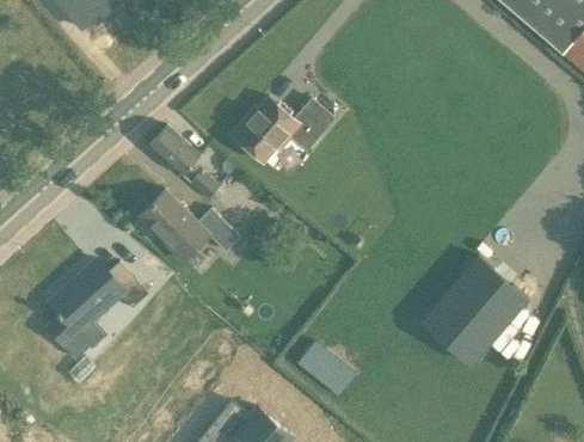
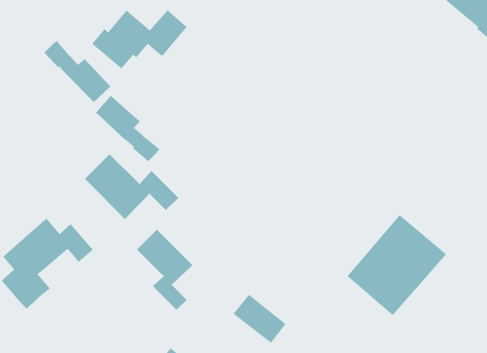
building: none -> [44,40,111,103]
building: [230,98,334,162] -> [91,9,188,69]
building: none -> [136,229,193,311]

